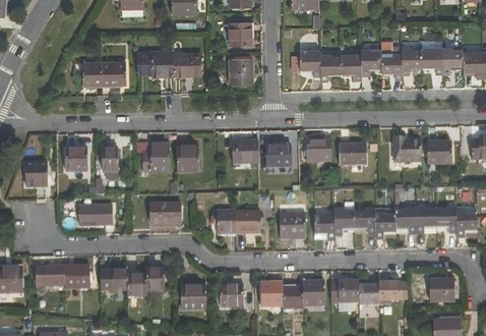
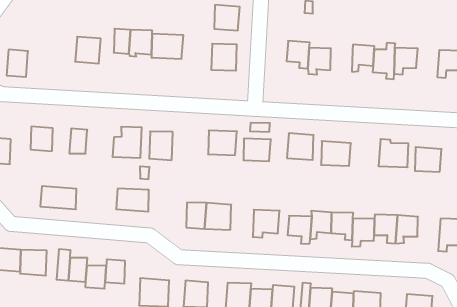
building: [422,49,442,74] -> none
building: [341,55,362,80] -> none
building: [83,61,102,86] -> [7,50,28,77]
building: [434,207,455,232] -> none

